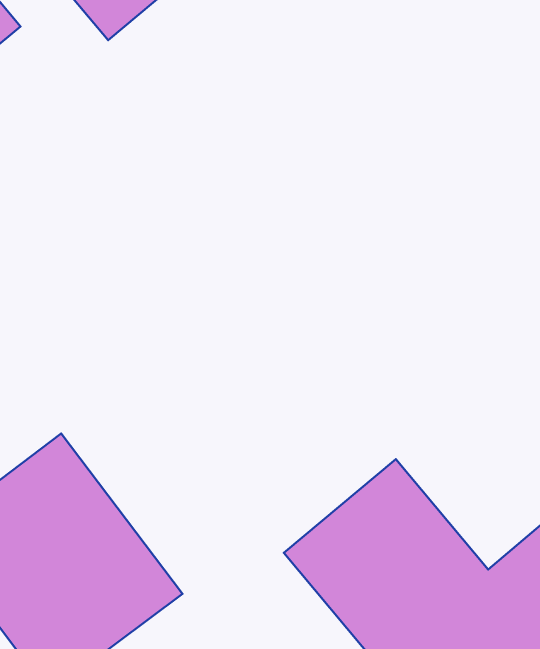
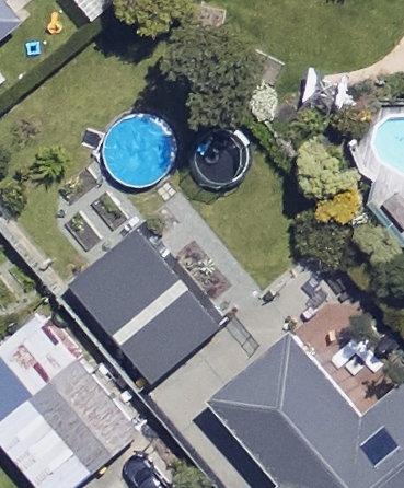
building: none -> [73,230,220,384]

